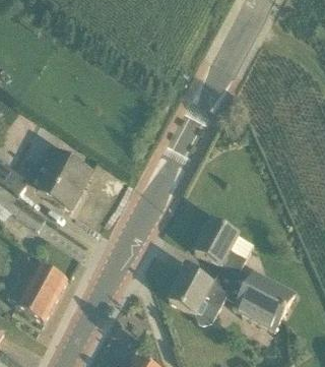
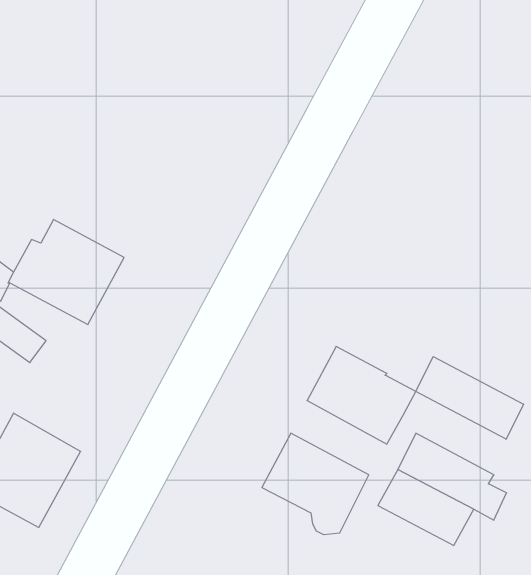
building: none -> [416,357,524,439]

